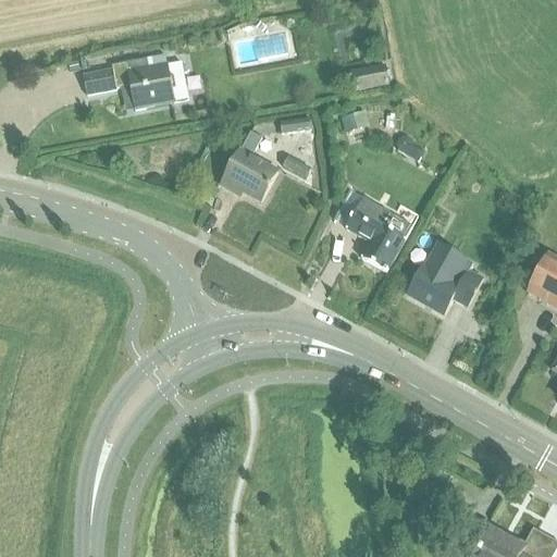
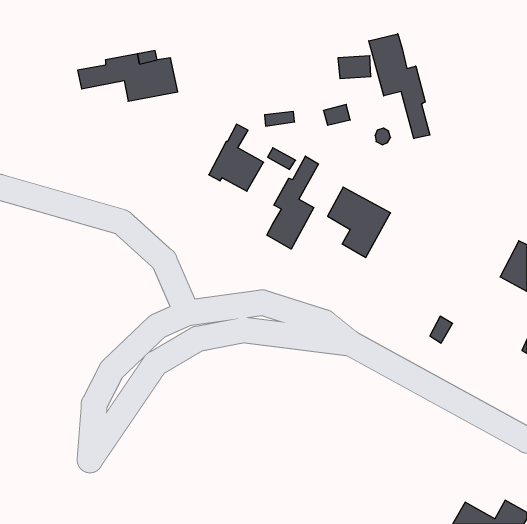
building: none -> [369,34,430,139]
building: none -> [267,156,319,249]
building: [406,243,482,313] -> none

